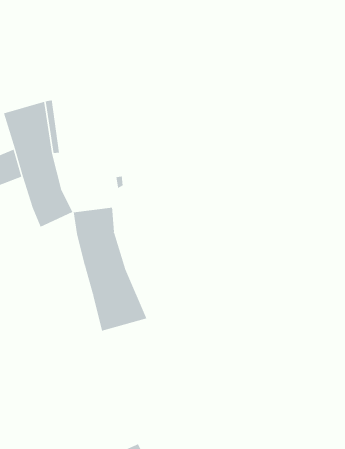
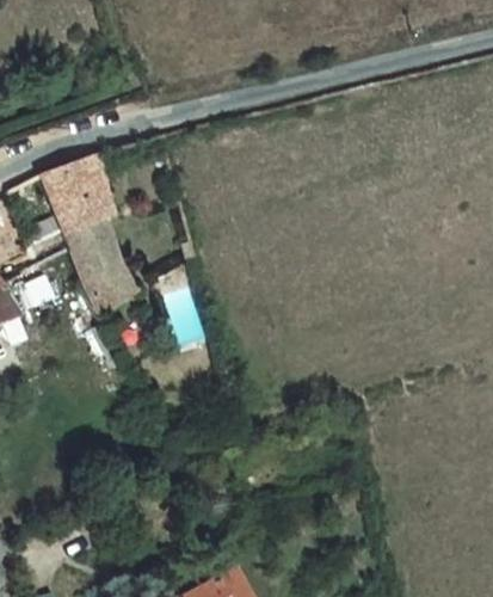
building: [73,207,147,332] -> none

